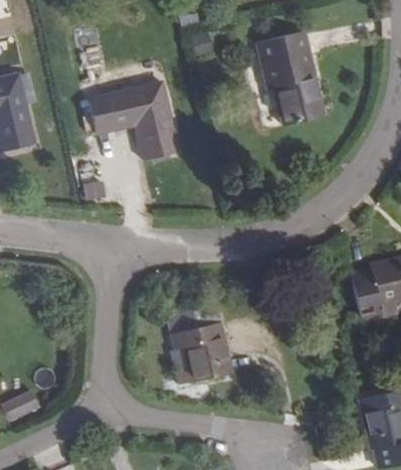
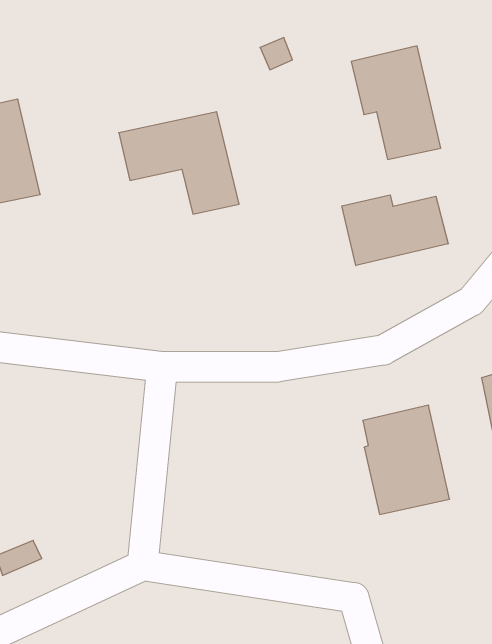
building: none -> [342,195,448,266]
building: [168,305,230,383] -> [363,405,450,514]

